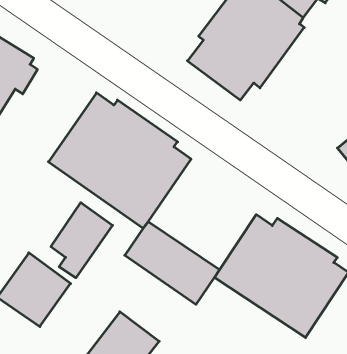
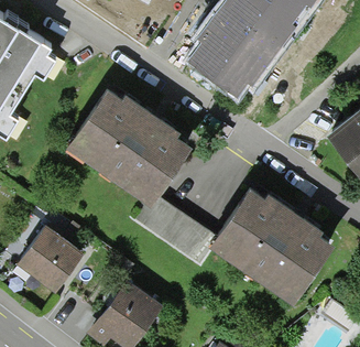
building: [51,203,113,278] -> none

